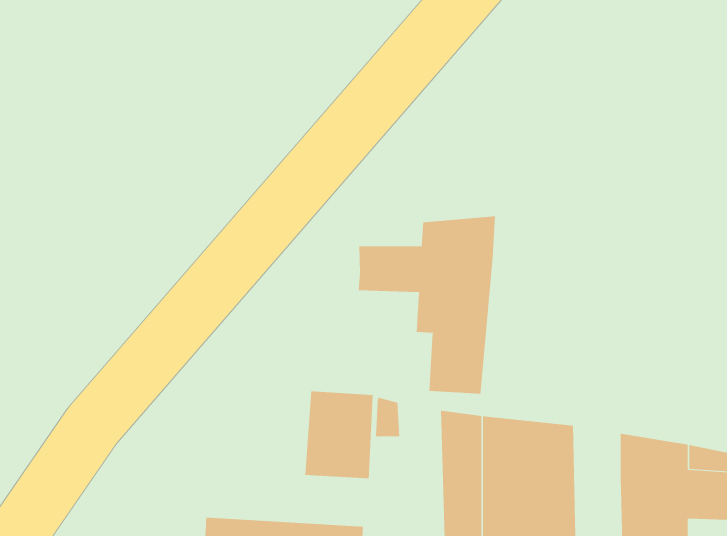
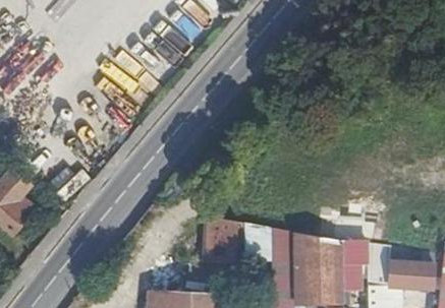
building: [358,215,495,395] -> none
building: none -> [344,238,369,290]

